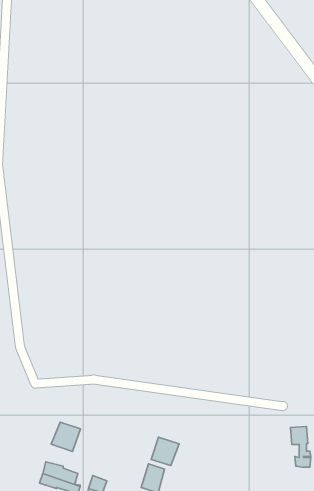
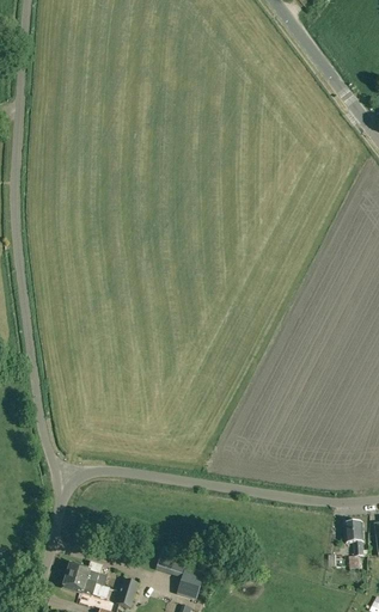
building: [51,422,80,452] -> none
building: [151,437,179,466] -> none

